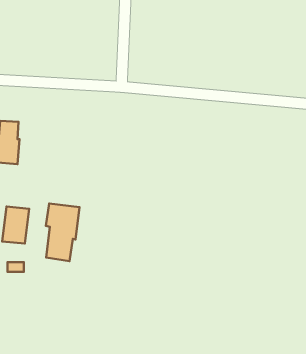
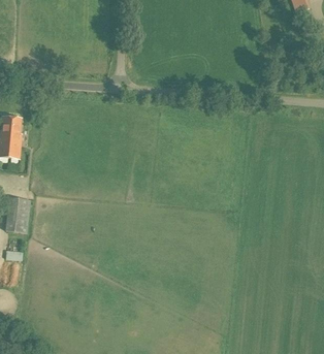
building: [46,204,79,261] -> none

